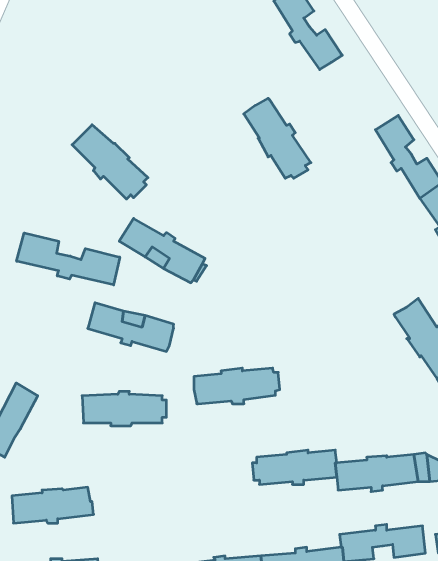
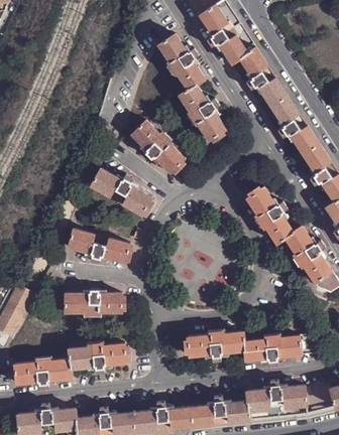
building: none -> [158,34,205,90]
building: none -> [240,47,288,107]
building: [72,125,148,199] -> [131,122,185,174]
building: [17,233,120,285] -> none
building: none -> [247,187,294,244]
building: [194,368,280,404] -> [69,343,129,369]

